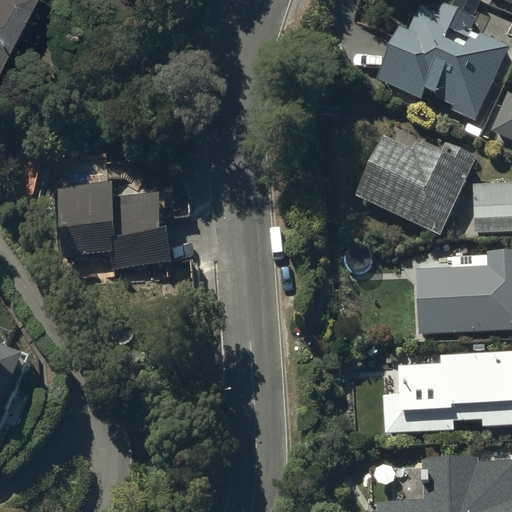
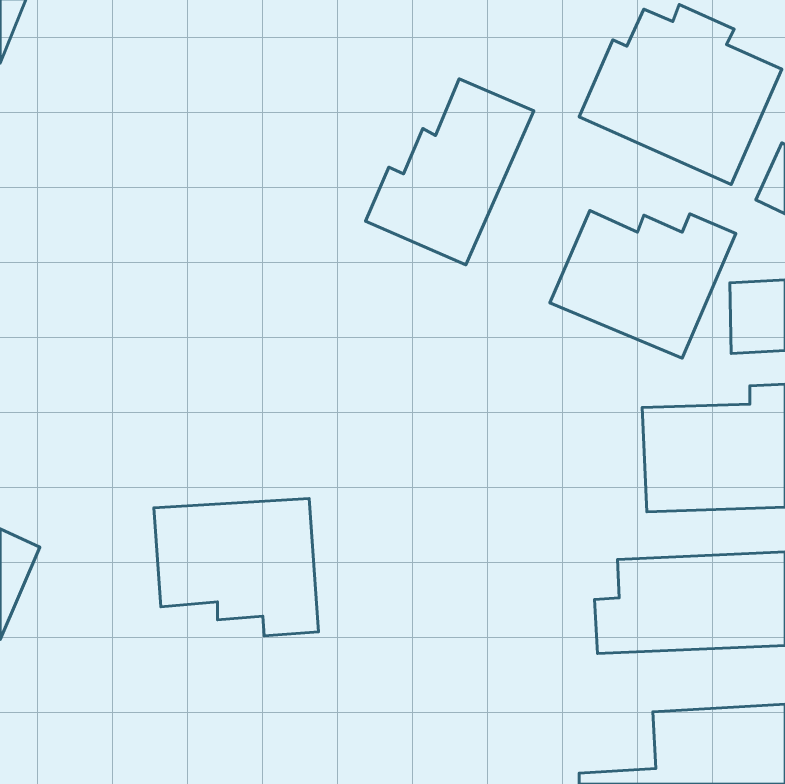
building: none -> [365,79,534,265]
building: [58,181,174,268] -> none
building: none -> [154,499,319,636]

